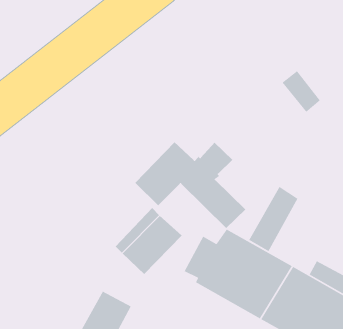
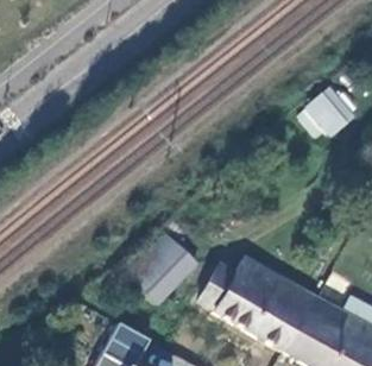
building: [134,141,246,229] -> none
building: [248,186,299,252] -> none

